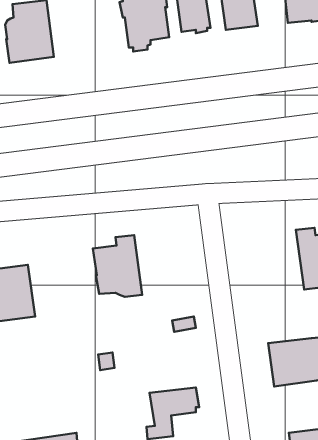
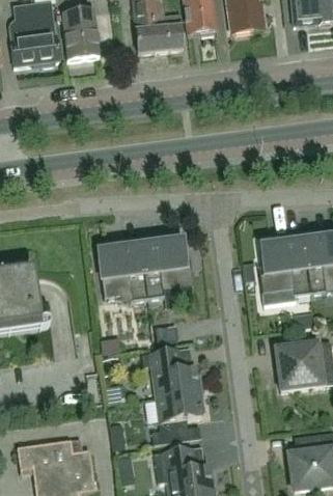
building: none -> [61,8,99,58]
building: none -> [259,232,310,295]
building: none -> [139,236,193,298]
building: none -> [141,348,201,396]

